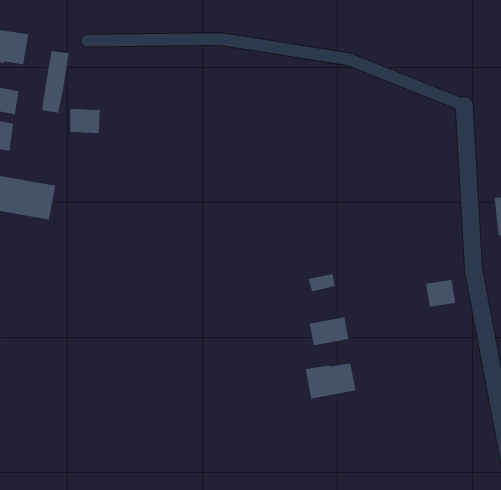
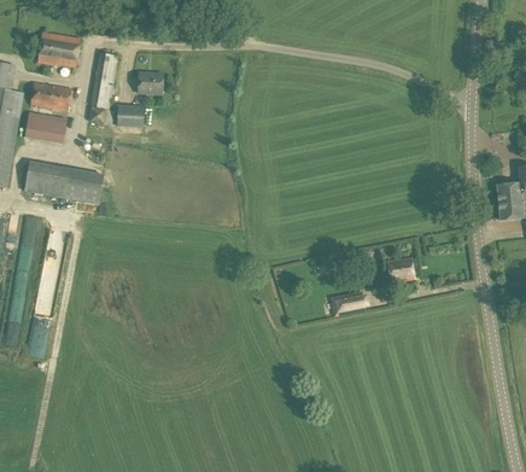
building: none -> [136,71,164,93]
building: [425,279,456,307] -> [386,256,414,281]
building: [305,362,357,399] -> none

